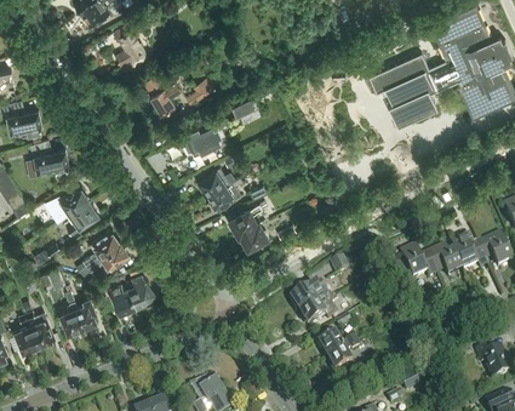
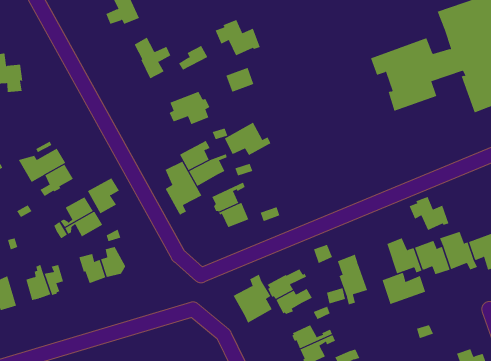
building: none -> [215,19,261,56]
building: [30,139,69,172] -> none
building: none -> [224,122,272,156]
building: none -> [165,161,202,216]
building: none -> [409,196,449,231]
building: none -> [87,177,119,214]
building: none -> [337,254,368,305]
building: none -> [382,272,426,305]
building: none -> [233,274,273,323]

